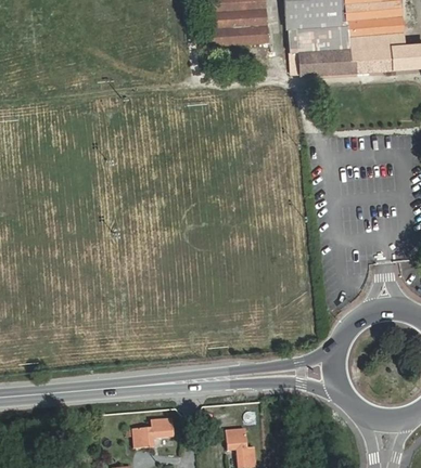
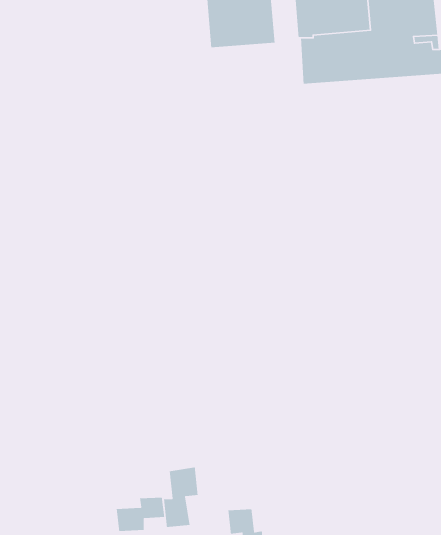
building: none -> [163,466,199,528]

